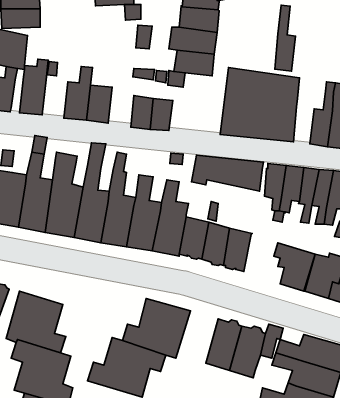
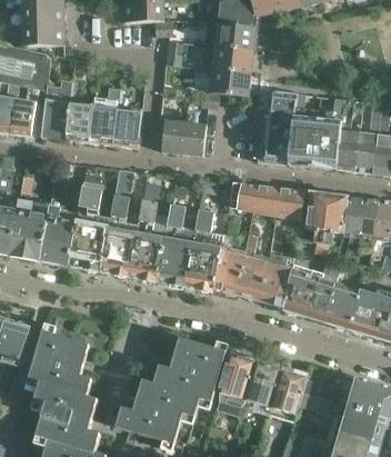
building: [275,5,295,71] -> [337,99,359,170]
building: none -> [66,101,93,142]
building: none -> [283,268,327,321]
building: none -> [219,351,255,407]

